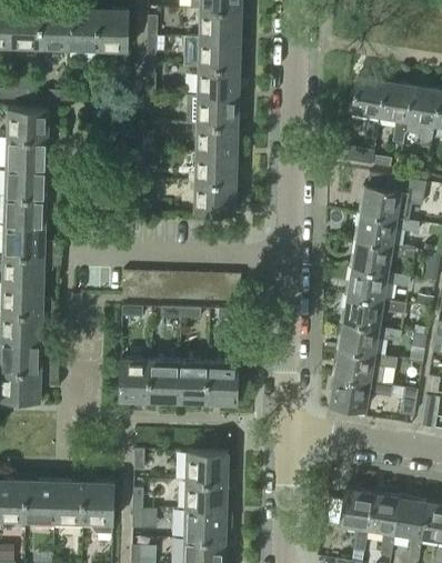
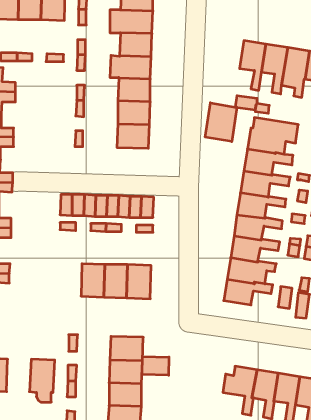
building: none -> [205,103,237,142]
building: [119,359,150,401] -> none
building: none -> [142,356,169,375]
building: [54,481,86,522] -> none

